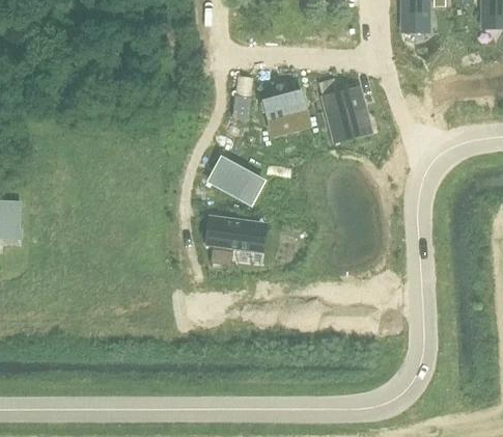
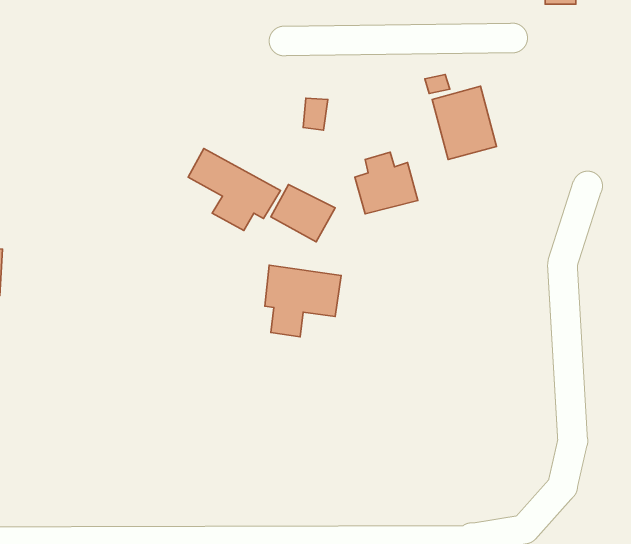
building: [262,83,307,127] -> [355,152,418,214]
building: none -> [188,149,281,230]

